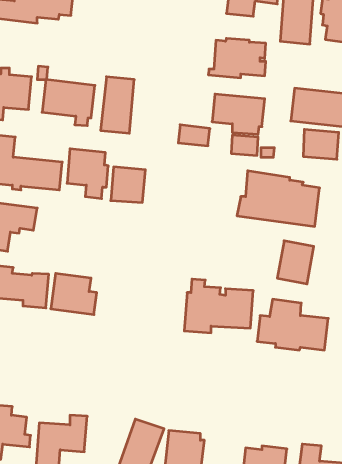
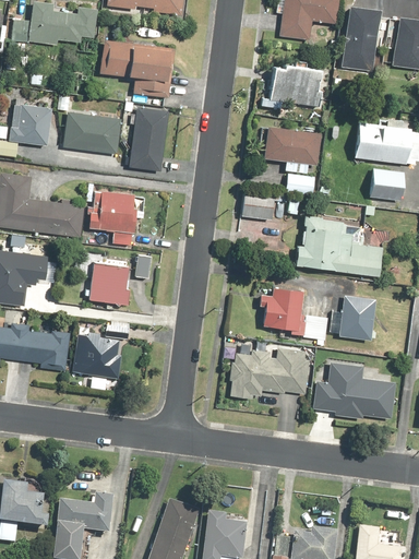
building: none -> [101,37,178,98]
building: [178,125,210,146] -> [235,195,271,219]
building: [111,167,145,202] -> [94,262,133,302]
building: none -> [259,288,325,338]

